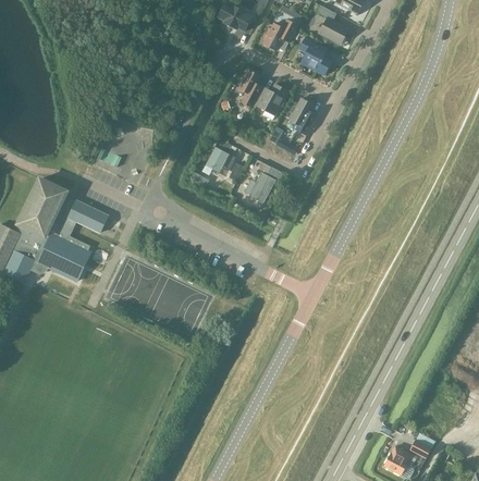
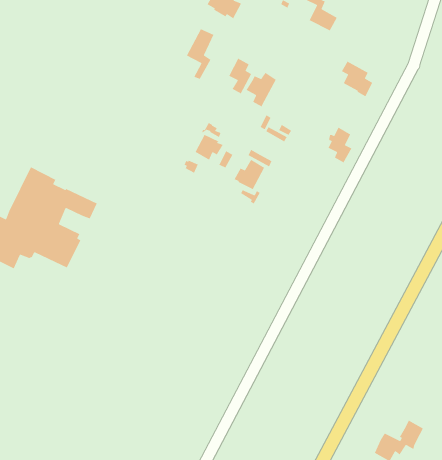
building: [263,21,297,51] -> none
building: [299,39,332,76] -> [341,61,373,98]
building: none -> [186,28,215,80]
building: [290,99,315,136] -> [327,126,352,163]

